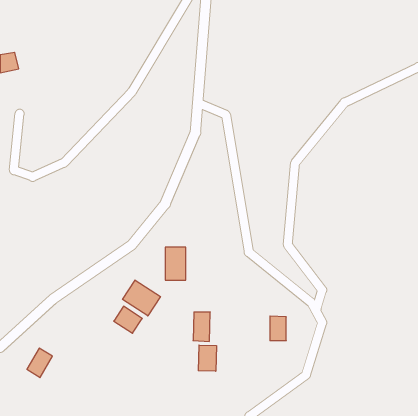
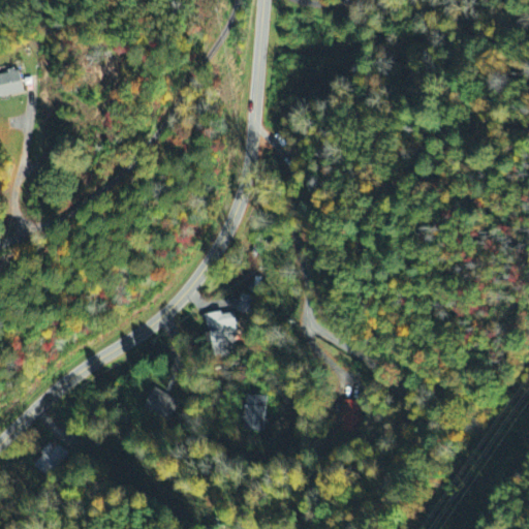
building: [123,280,160,316] -> none
building: [198,345,216,371] -> none

